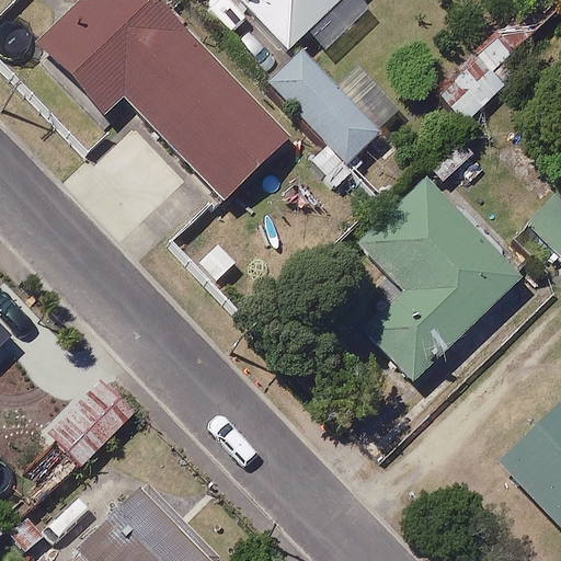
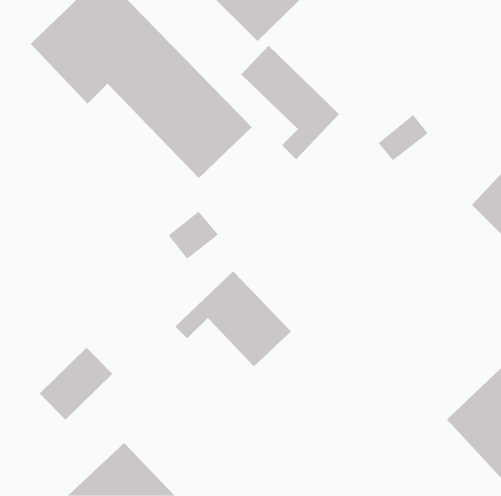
building: [360,182,534,380] -> none
building: none -> [174,271,292,367]

